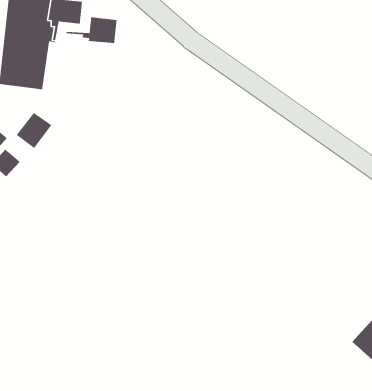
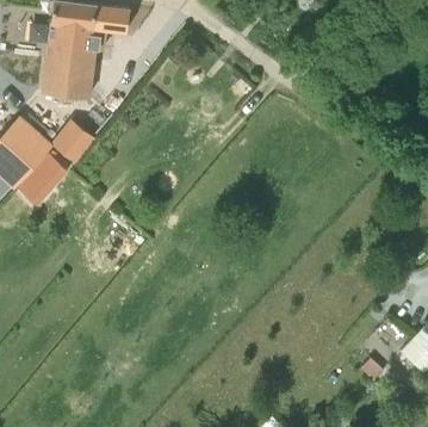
building: [66,16,117,44] -> none

